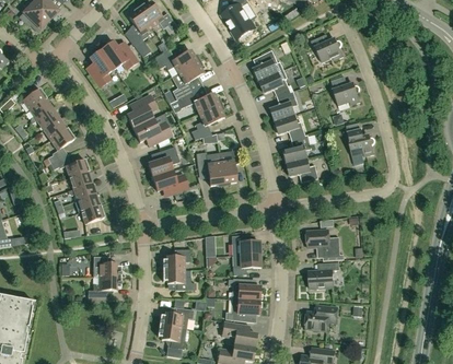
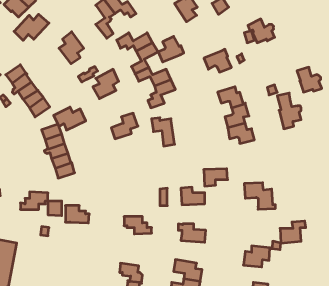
building: none -> [14,14,49,40]
building: [101,40,138,69] -> none
building: [253,49,283,80] -> [158,36,184,62]
building: [330,75,360,105] -> [297,67,322,92]
building: [270,90,298,120] -> none
building: [133,118,172,145] -> [54,107,86,130]
building: [219,146,240,183] -> none
building: [152,169,188,192] -> none
building: [162,248,190,269] -> none
building: [232,254,260,274] -> [204,169,228,186]
building: [309,261,339,287] -> [280,221,306,243]
building: [88,275,120,296] -> [20,192,48,209]
building: [225,297,259,320] -> none
building: [159,306,194,329] -> none

